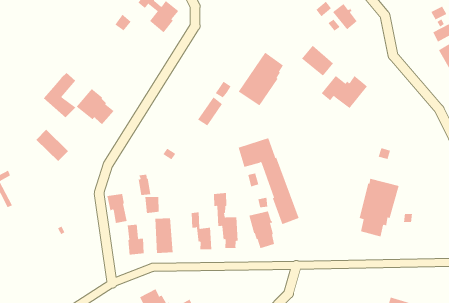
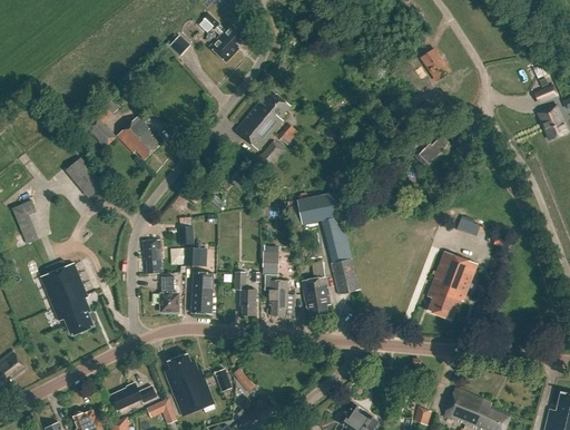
building: [301,45,334,77] -> none
building: [238,52,284,106] -> [235,88,291,149]
building: none -> [41,264,92,335]

